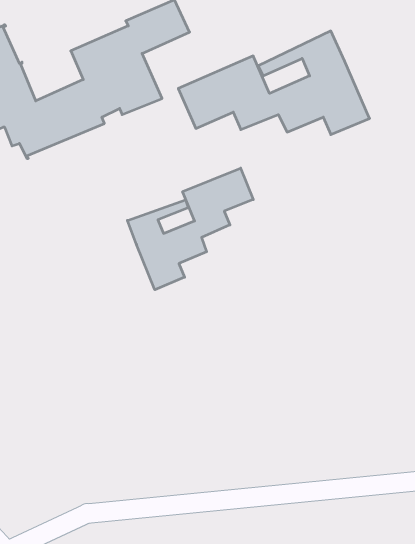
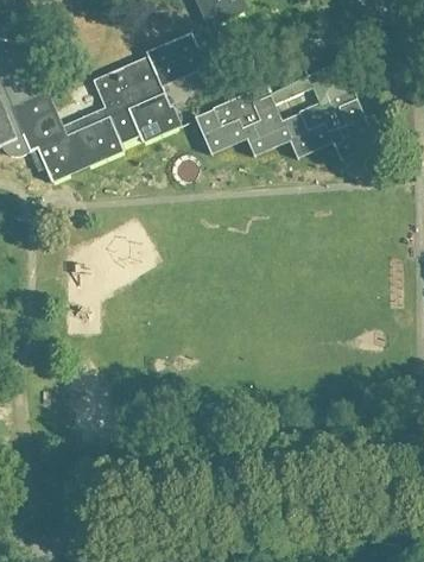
building: [127,168,253,290] -> none

